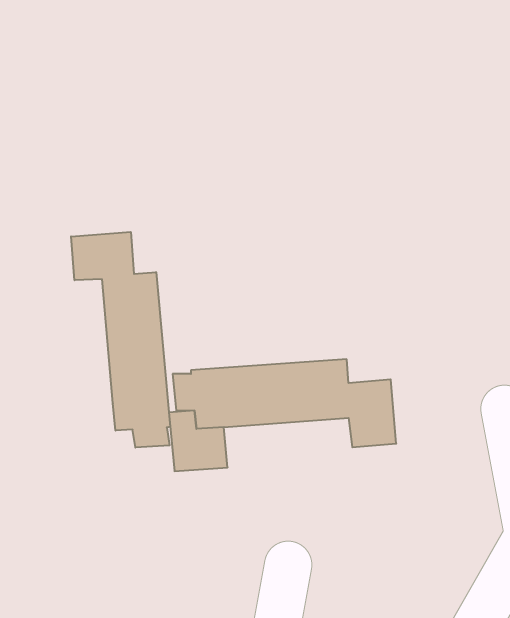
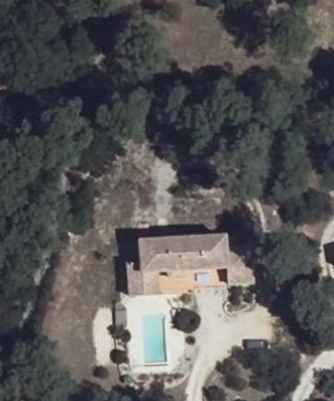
building: [71,232,170,448] -> none

